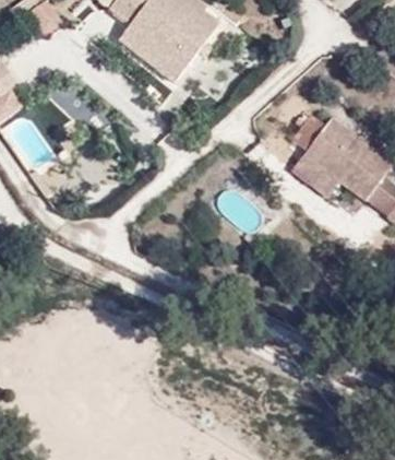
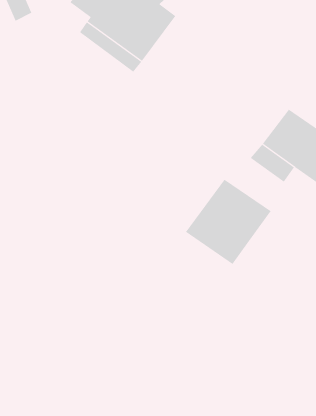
building: none -> [185,179,271,265]

